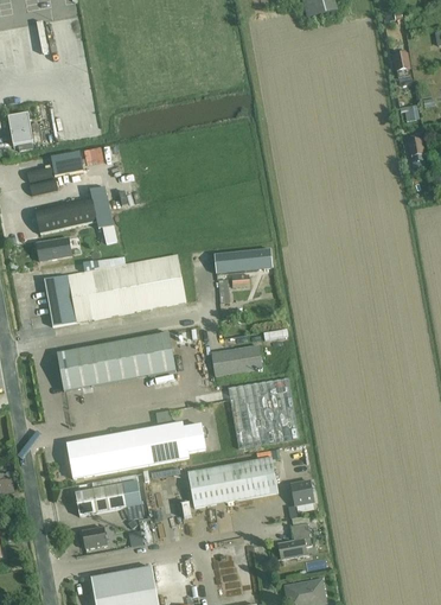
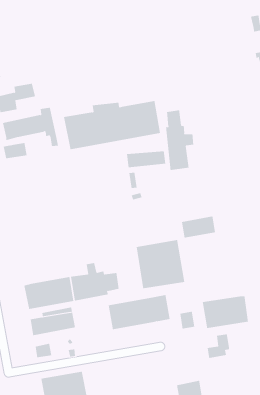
building: none -> [165,109,194,171]
building: [43,254,184,325] -> [63,100,161,150]
building: [56,331,174,390] -> none
building: [211,344,261,376] -> [181,216,216,238]
building: none -> [202,296,248,329]
building: [277,522,311,558] -> [207,334,230,358]

